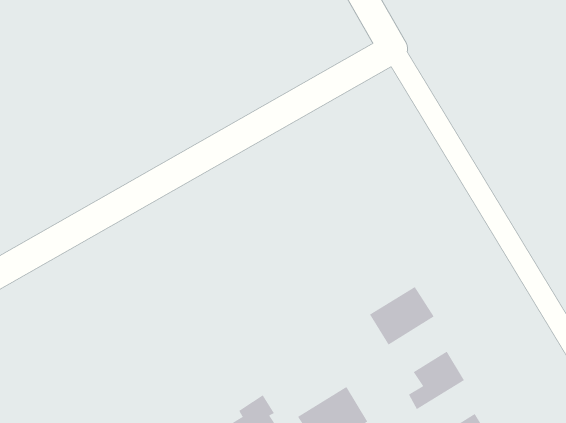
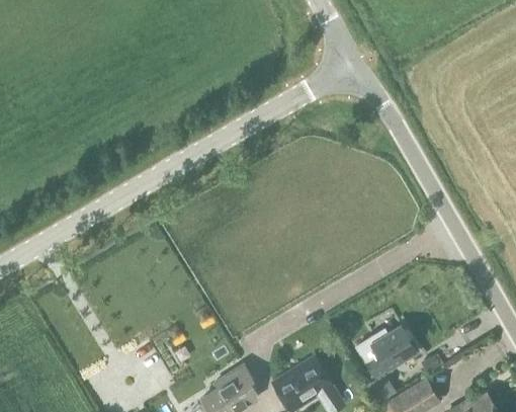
building: [369,286,435,346] -> none

